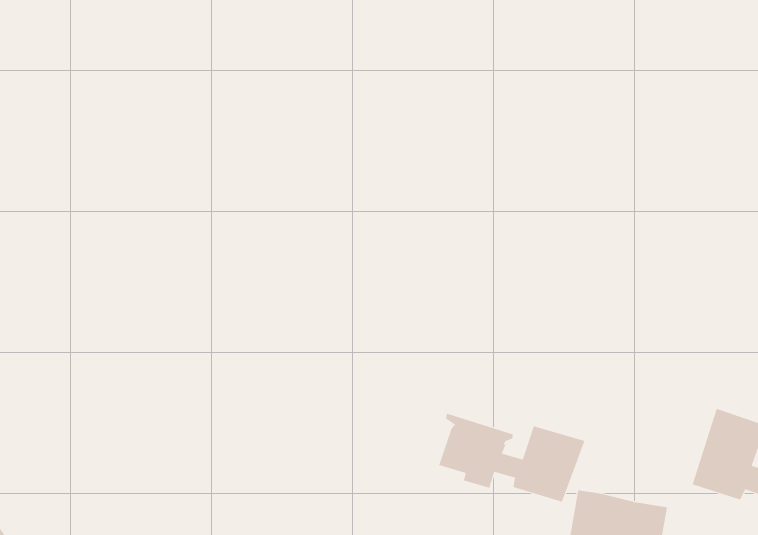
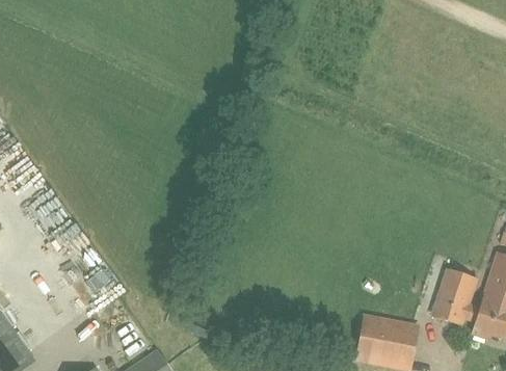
building: [439,413,585,503] -> none

